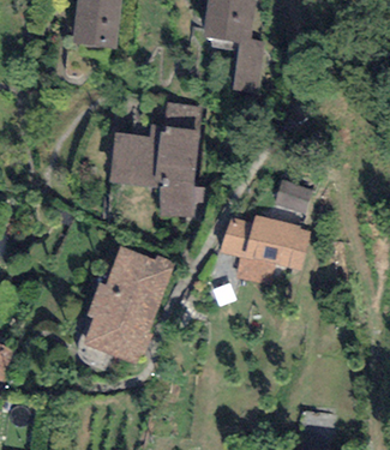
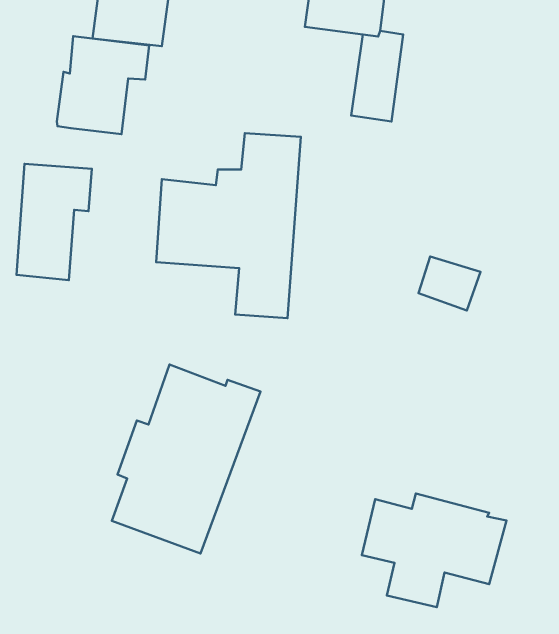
building: none -> [57,36,149,134]
building: none -> [17,164,92,280]
building: [221,214,311,284] -> [362,493,506,607]

